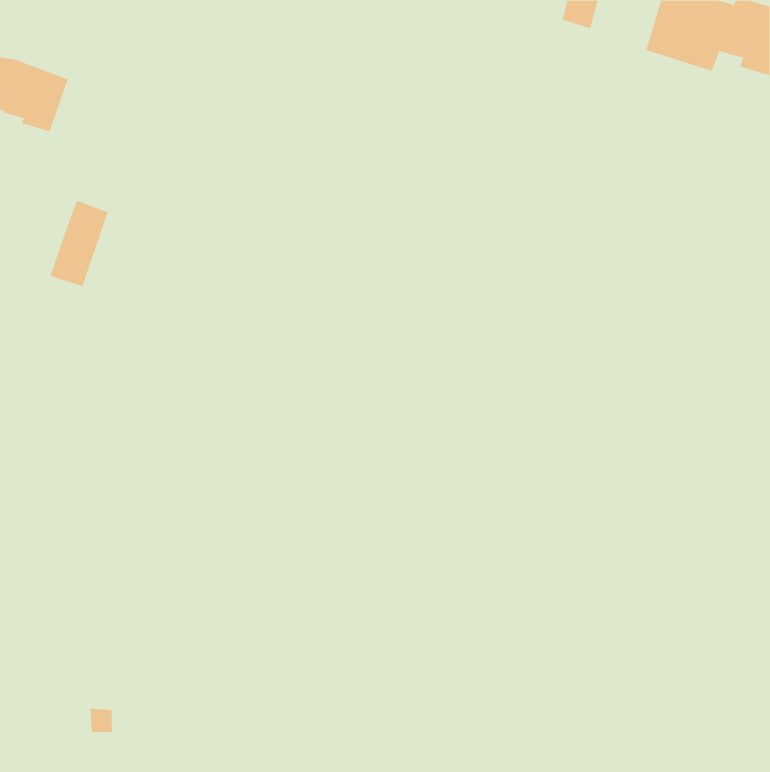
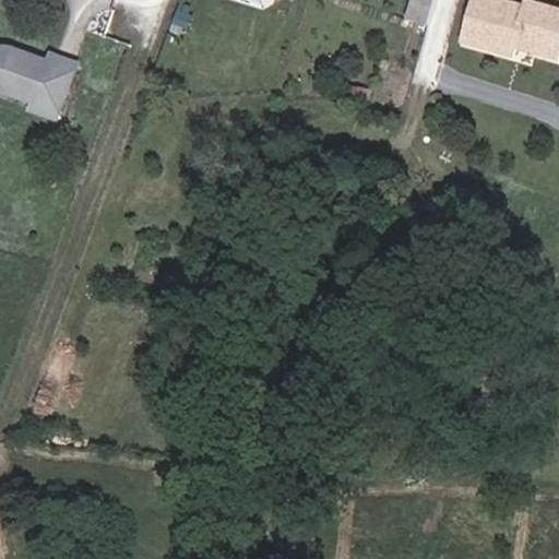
building: [49,200,109,287] -> [33,52,75,115]

